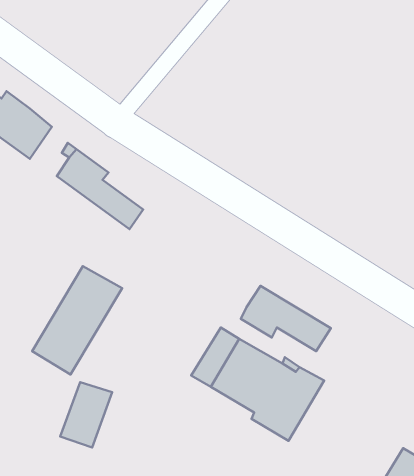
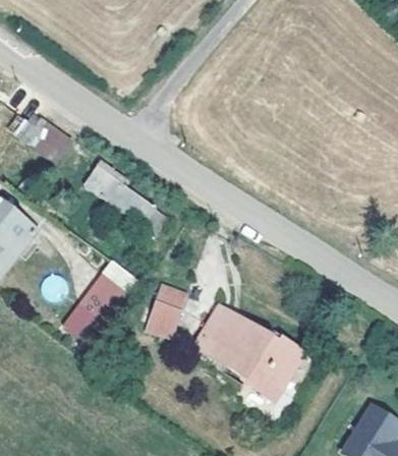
building: [241,286,331,351] -> none
building: [60,382,112,448] -> [148,289,190,343]

